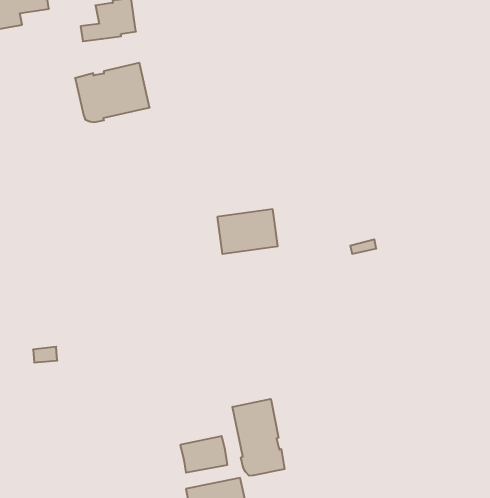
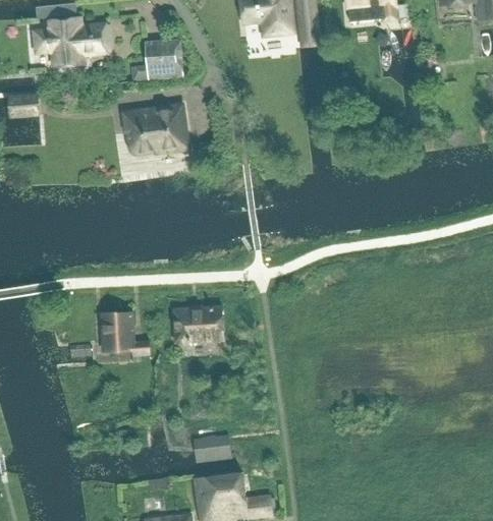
building: [217,209,278,254] -> [171,305,222,341]
building: none -> [101,310,149,353]
building: [232,399,285,476] -> none

